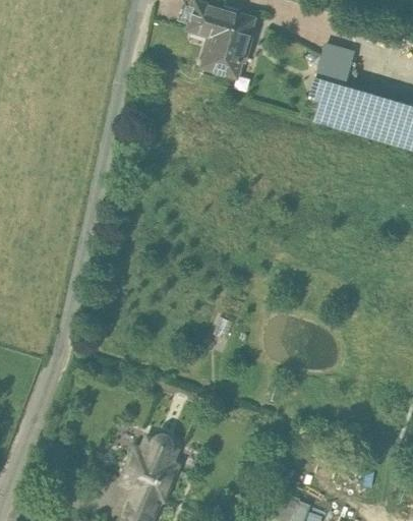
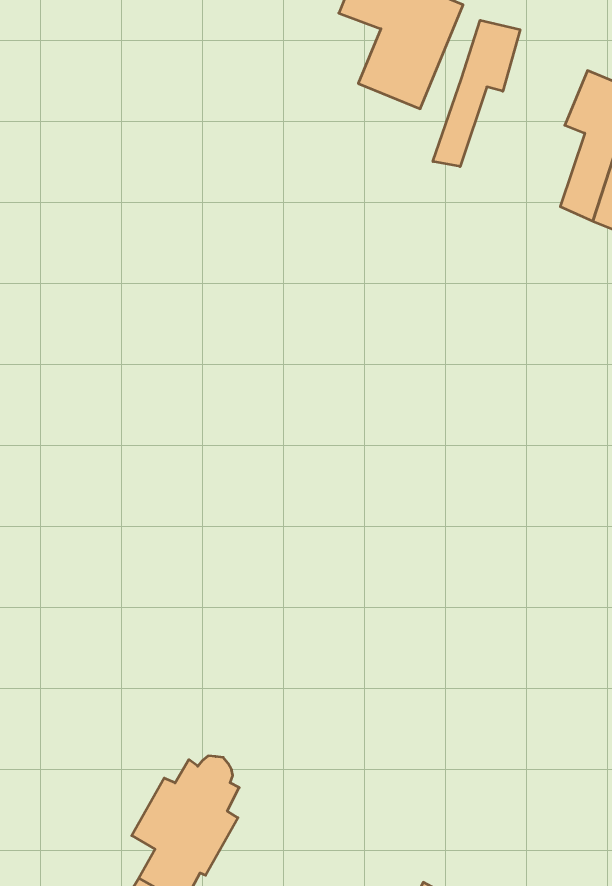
building: none -> [433,20,520,167]

